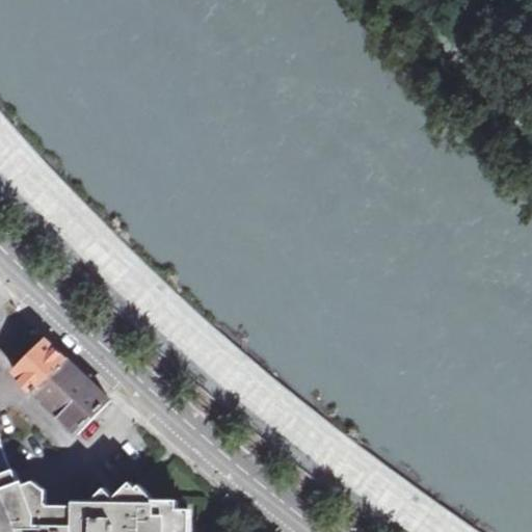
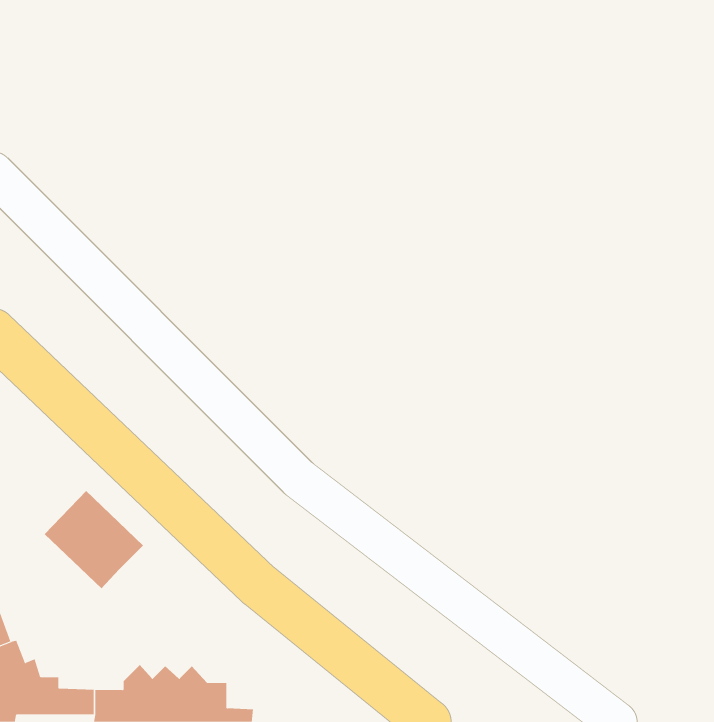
building: [10,340,63,393] -> none

